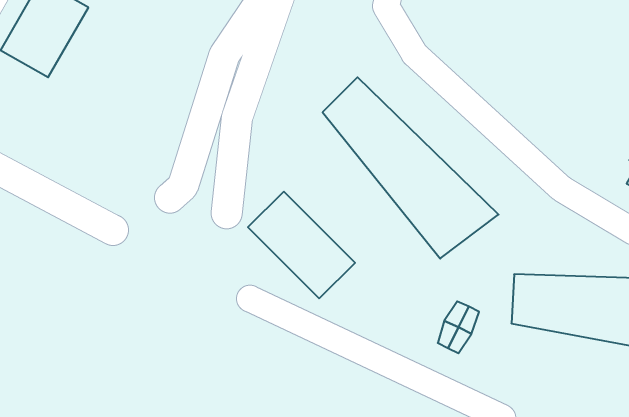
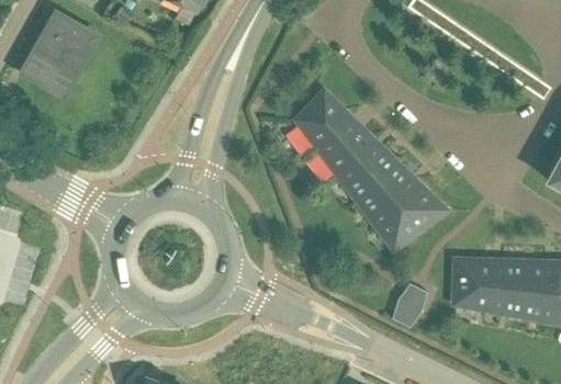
building: [248,192,355,298] -> none

